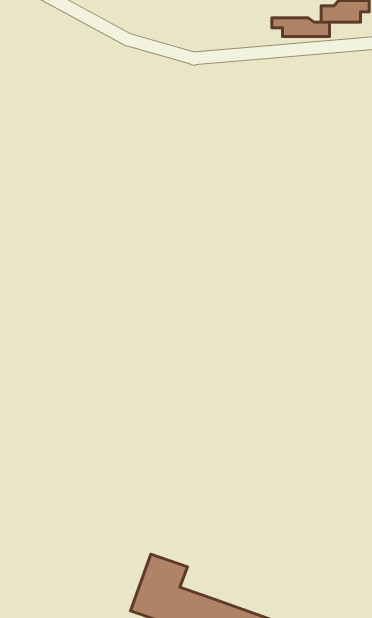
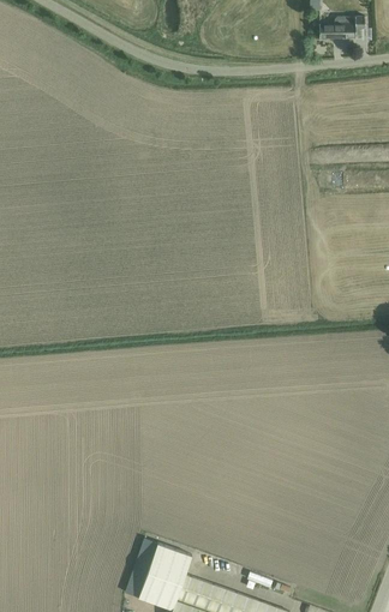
building: [272,18,329,36] -> none

